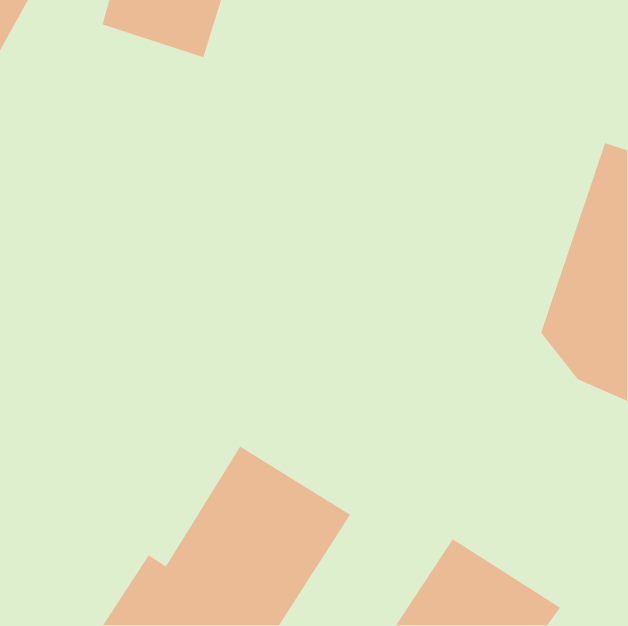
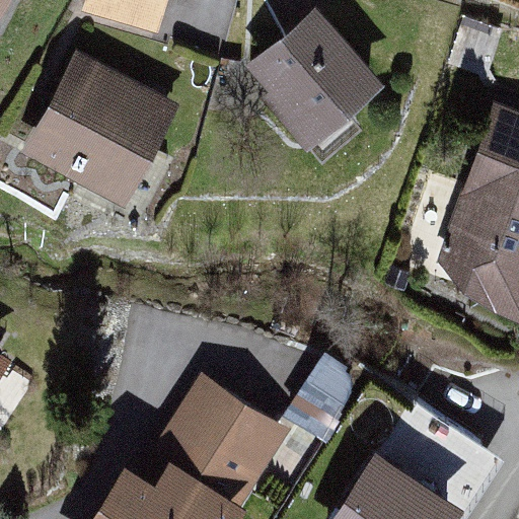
building: none -> [252,23,393,164]
building: none -> [33,64,190,215]

